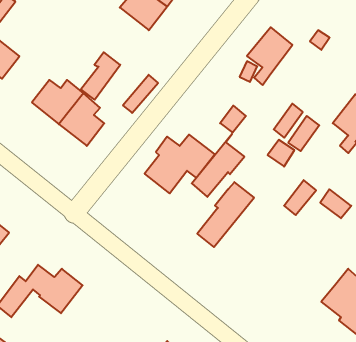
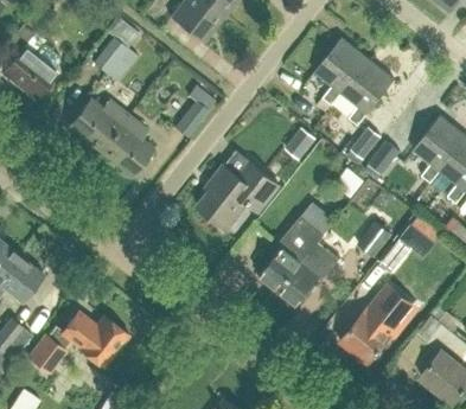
building: none -> [344,58,396,124]
building: [81,52,120,100] -> [92,19,138,74]
building: [192,134,244,197] -> [279,234,339,306]
building: none -> [341,285,407,363]

